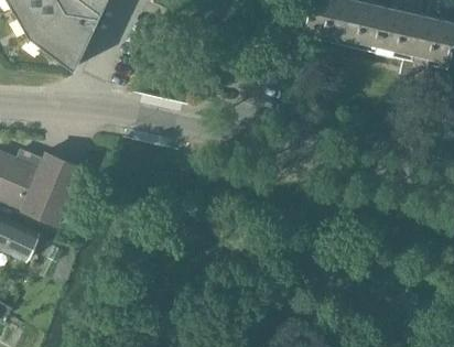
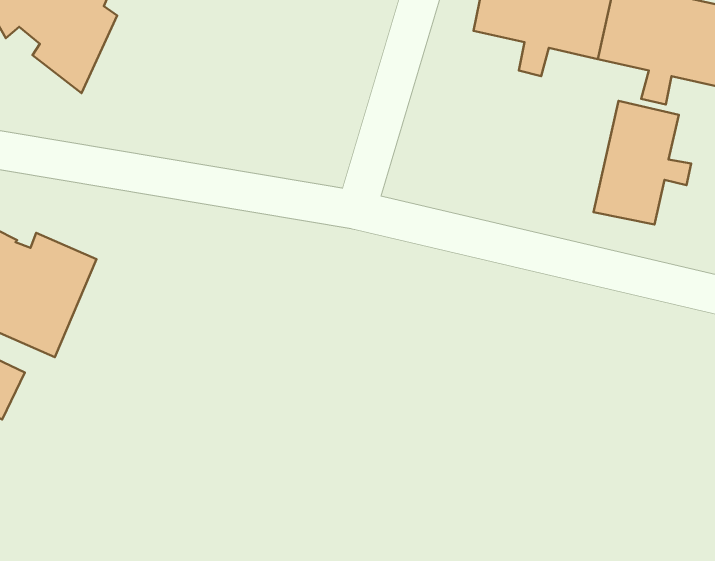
building: none -> [593,101,691,225]

